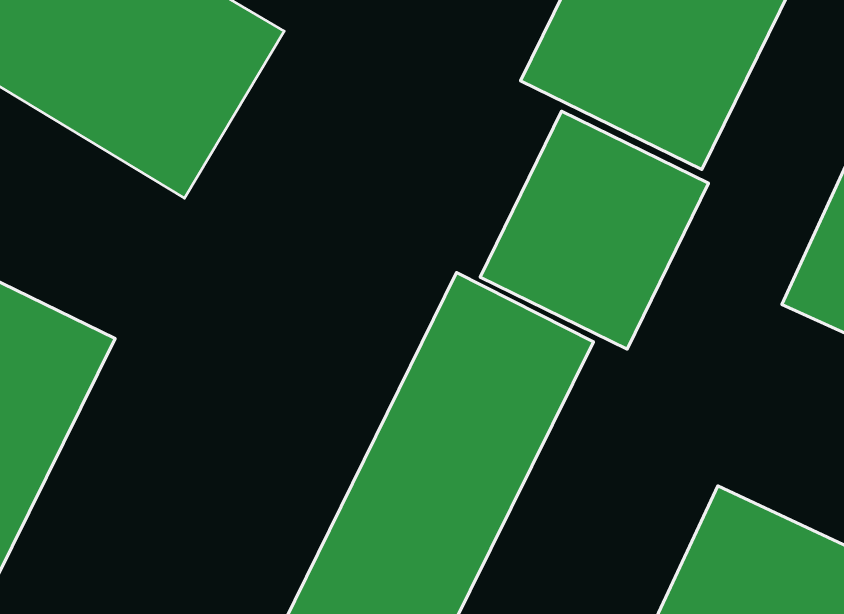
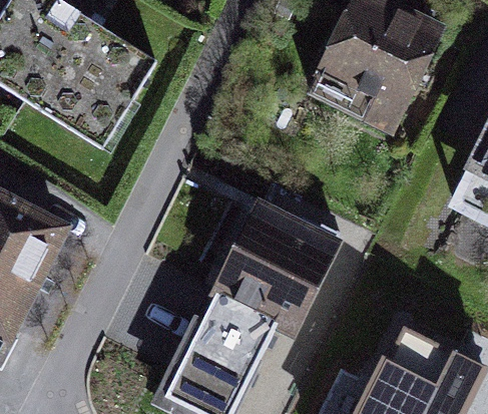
building: [480,111,709,349] -> none

